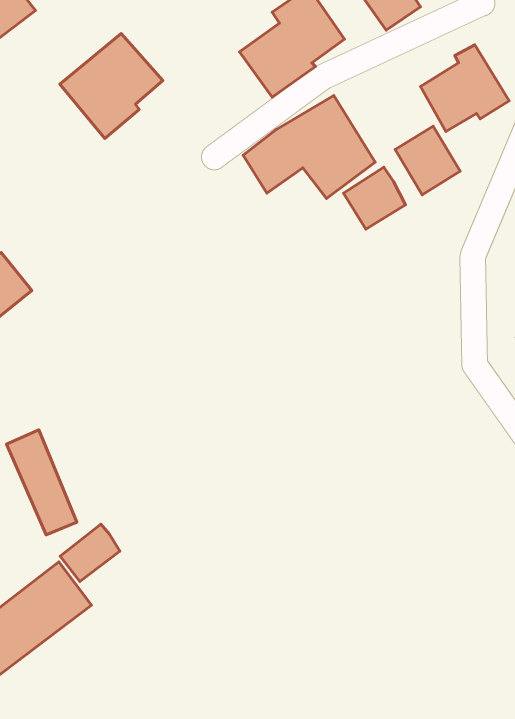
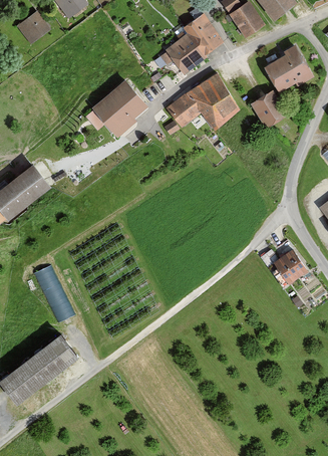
building: [60,34,163,138] -> [92,78,149,137]
building: [343,167,406,229] -> none
building: none -> [270,249,305,286]
building: [60,524,120,582] -> none

